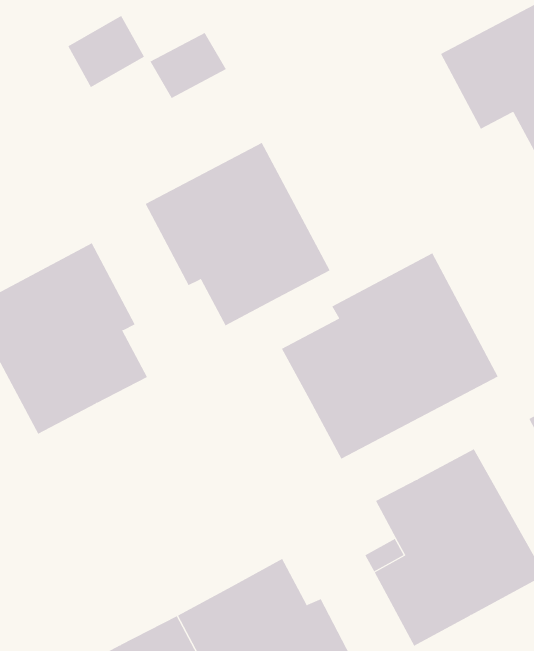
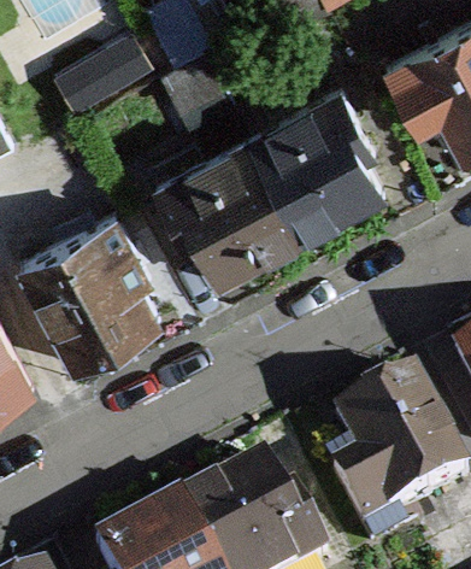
building: none -> [248,87,384,236]
building: [281,252,498,460] -> none

